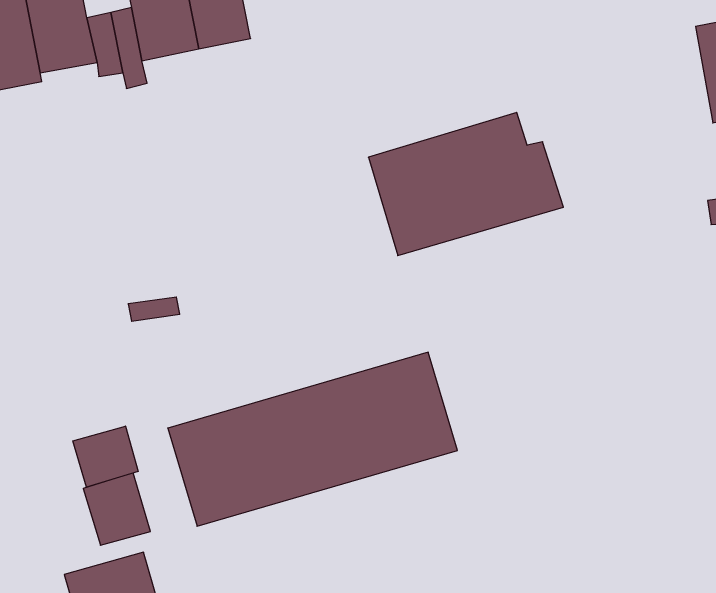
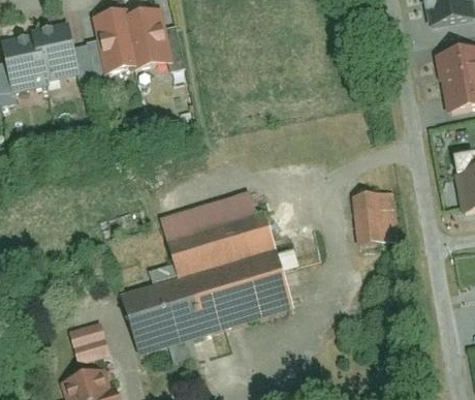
building: [368,112,563,256] -> [160,191,277,277]
building: none -> [353,191,398,244]
building: [73,426,138,487] -> none

